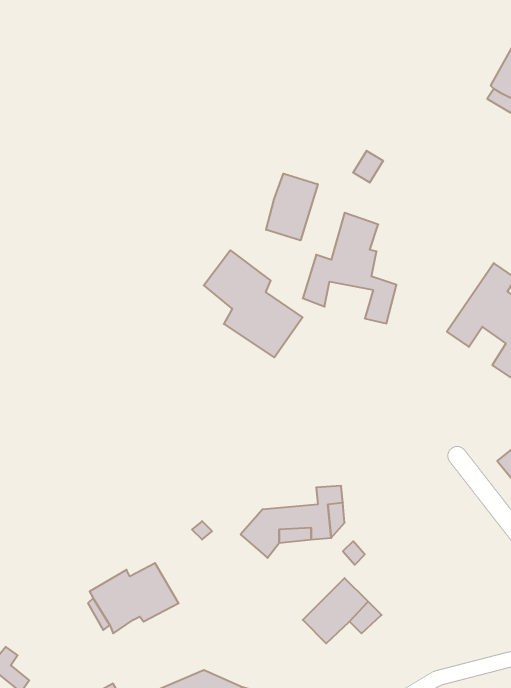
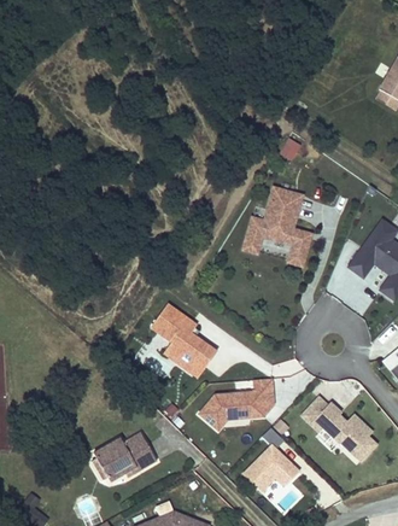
building: [266,174,318,240] -> none
building: [204,250,303,357] -> [148,298,220,375]
building: none -> [297,390,382,462]

